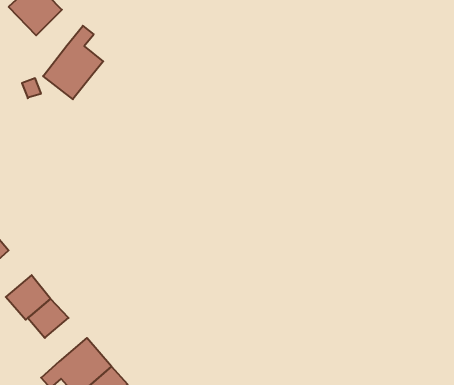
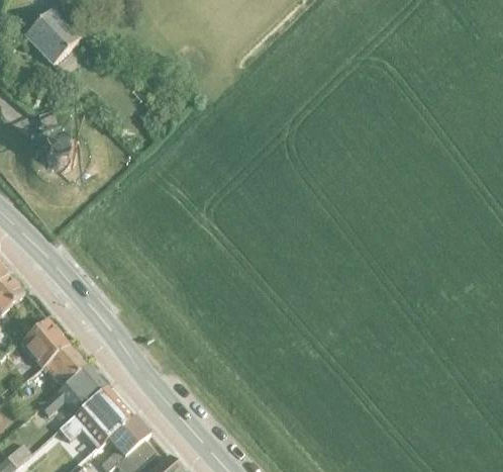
building: [43,26,103,99] -> none
building: none -> [44,139,76,171]
building: none -> [38,366,106,415]

